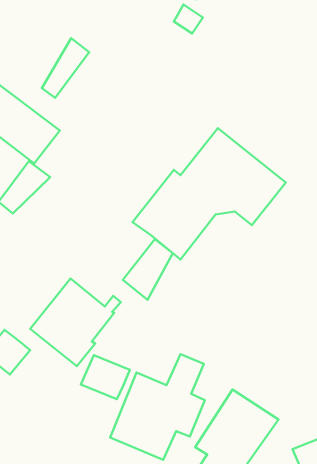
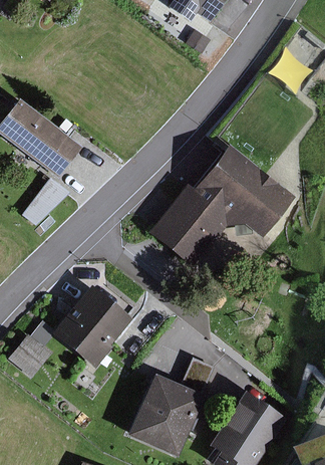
building: [42,38,89,98] -> none
building: [123,239,173,300] -> none
building: [81,355,130,399] -> none

